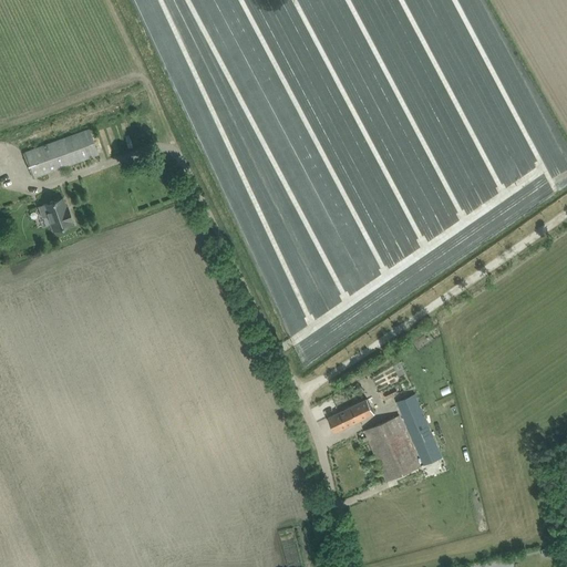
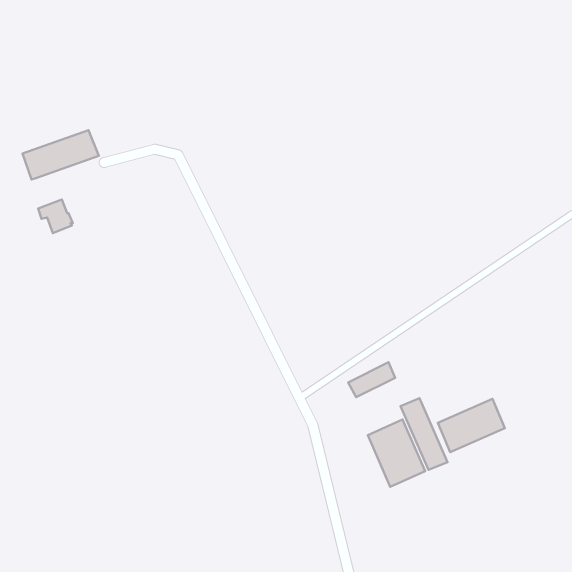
building: none -> [438,399,505,452]
building: [327,399,373,433] -> [348,362,395,397]

